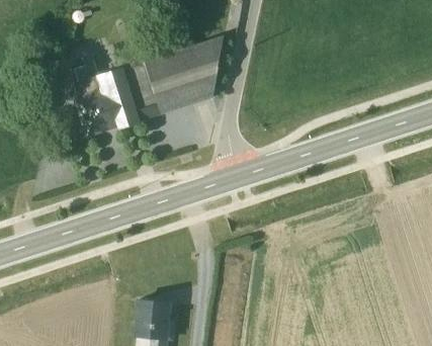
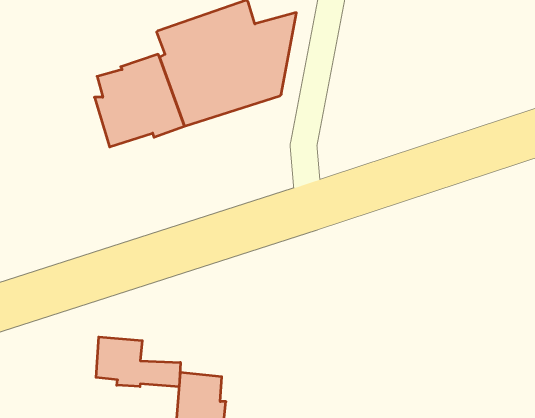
building: none -> [96,337,180,387]

